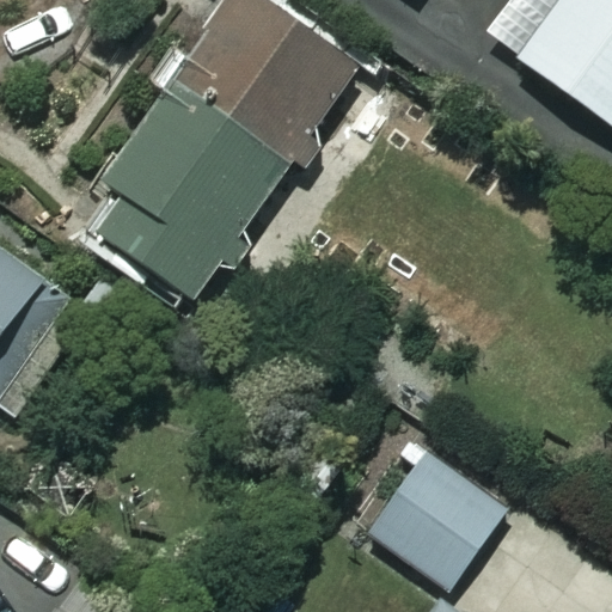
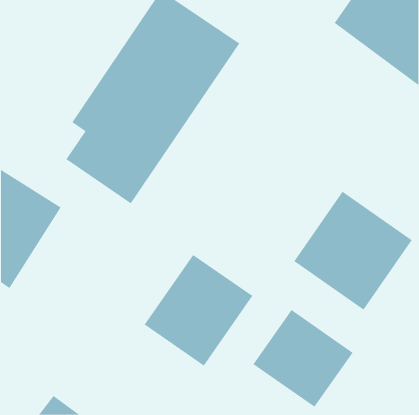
building: none -> [293,191,412,310]
building: none -> [144,254,253,366]

